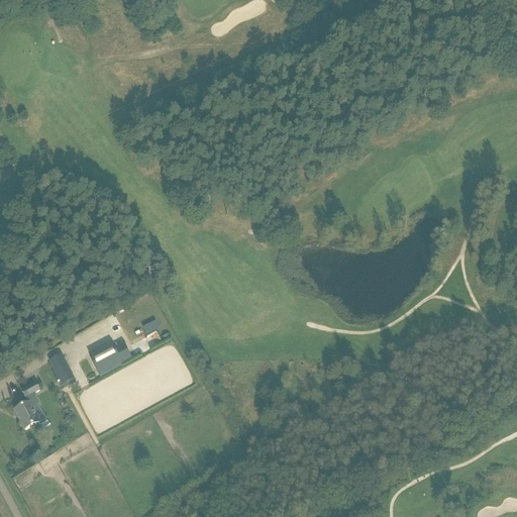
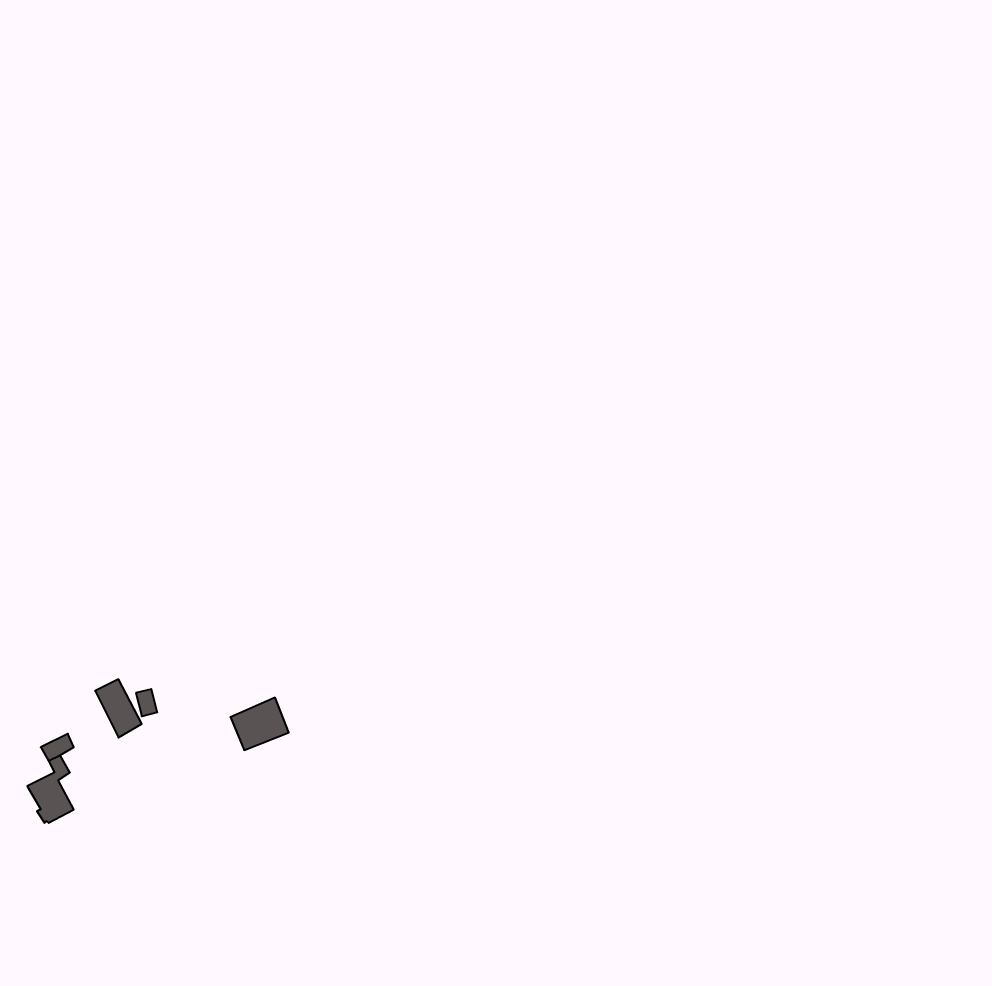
building: [94,340,124,368] -> [230,698,289,750]

